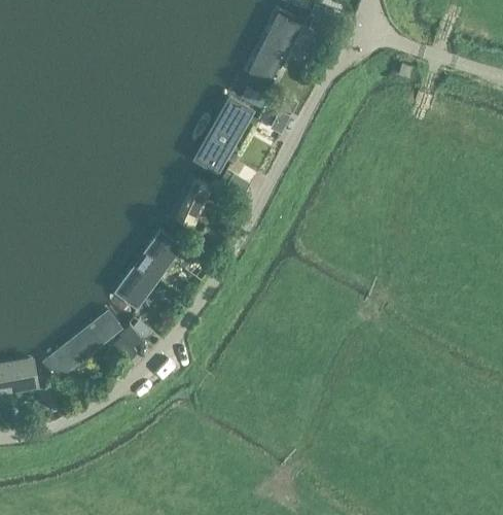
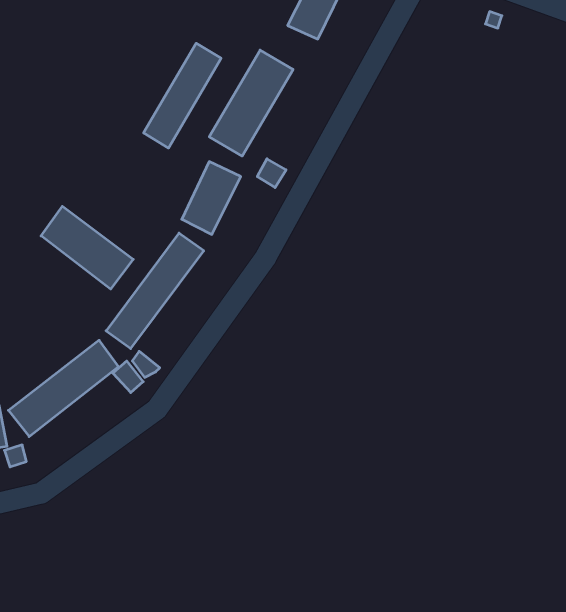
building: none -> [144,43,221,148]
building: none -> [41,206,133,289]

